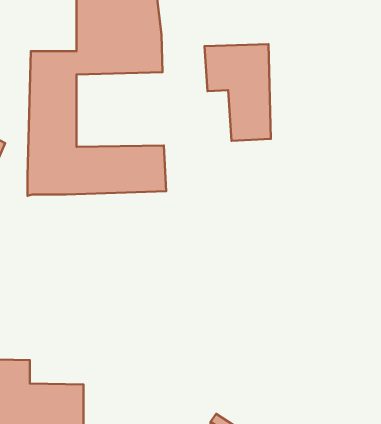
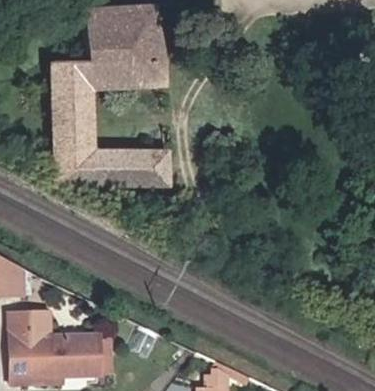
building: [205,44,271,141] -> none

